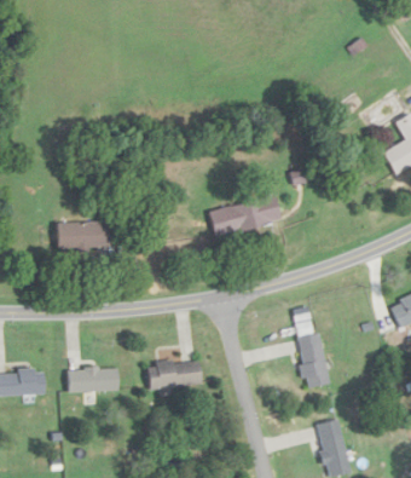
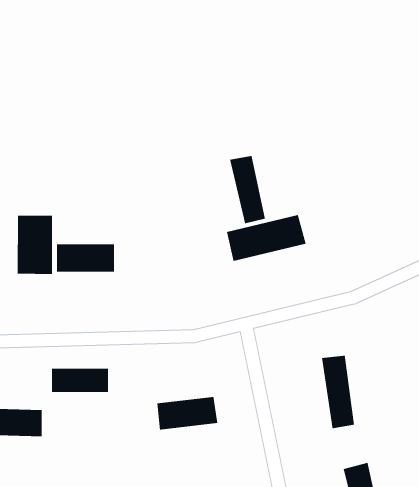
building: none -> [230,155,265,224]
building: none -> [17,215,52,275]
building: [68,369,120,391] -> [51,368,109,392]

